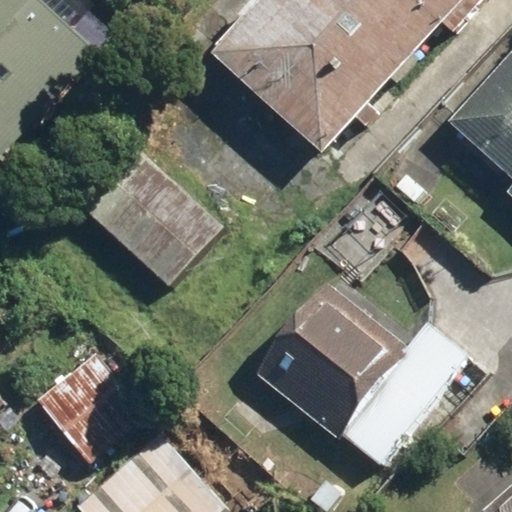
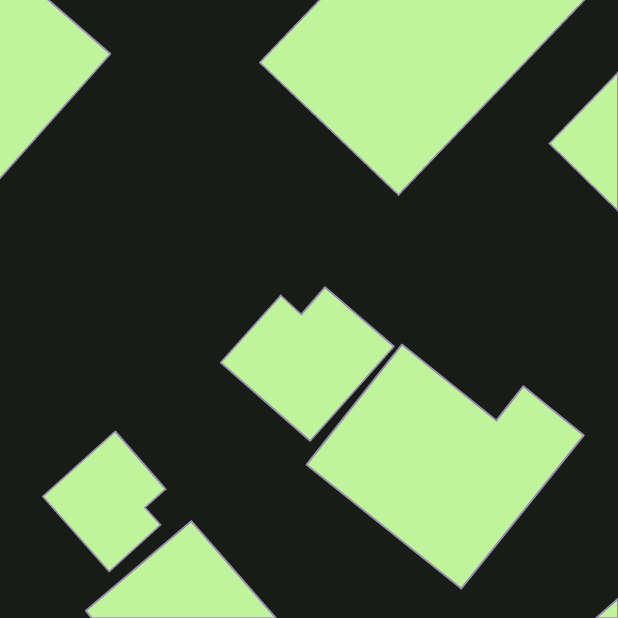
building: [73,144,219,287] -> none
building: none -> [221,287,394,441]

